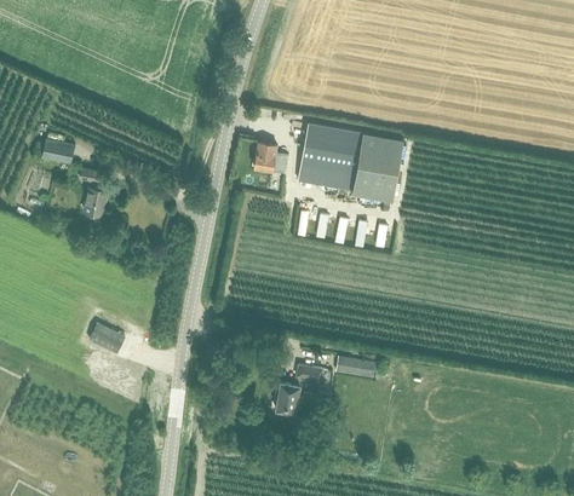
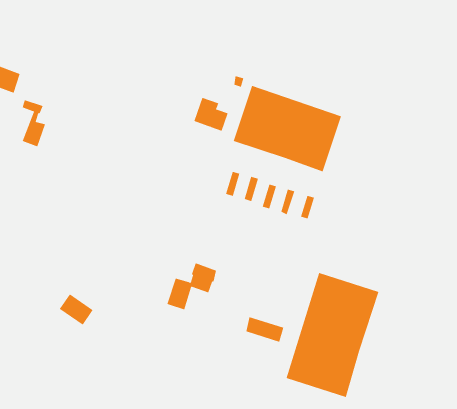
building: none -> [286,272,379,398]
building: [90,323,125,353] -> [59,294,94,325]
building: [276,364,322,414] -> [167,263,217,310]

